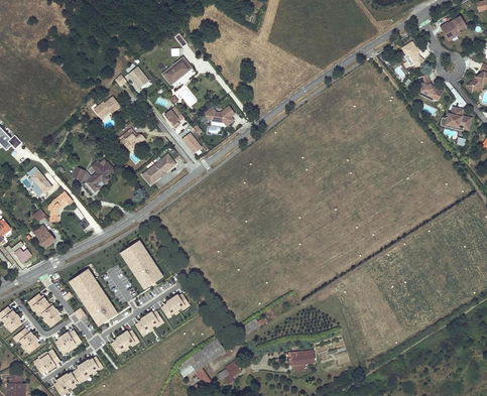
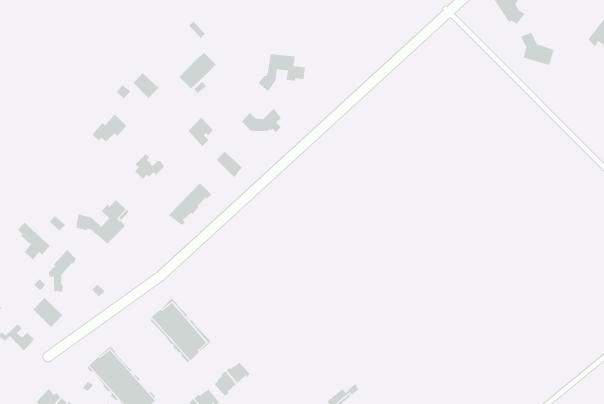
building: none -> [258,54,306,92]
building: [440,106,472,131] -> none

